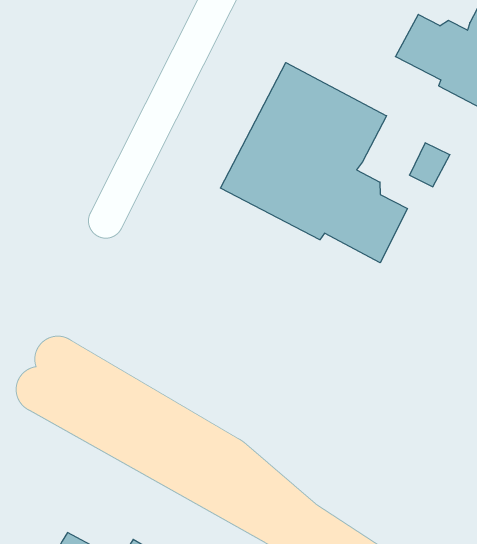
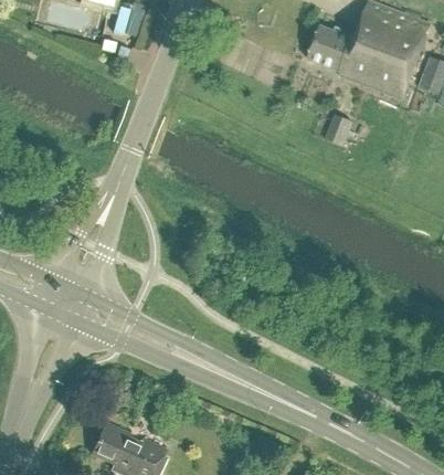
building: [220,63,407,263] -> none

